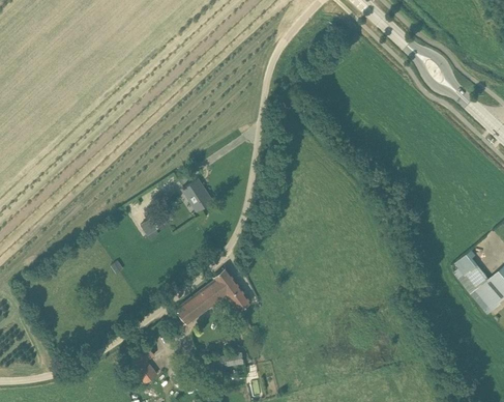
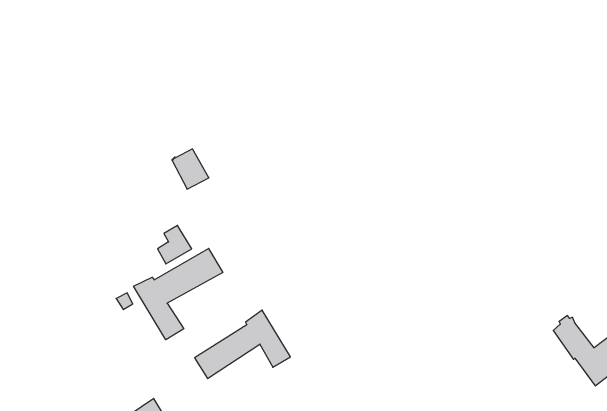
building: [182,180,212,212] -> [172,149,209,189]
building: none -> [134,248,223,340]

